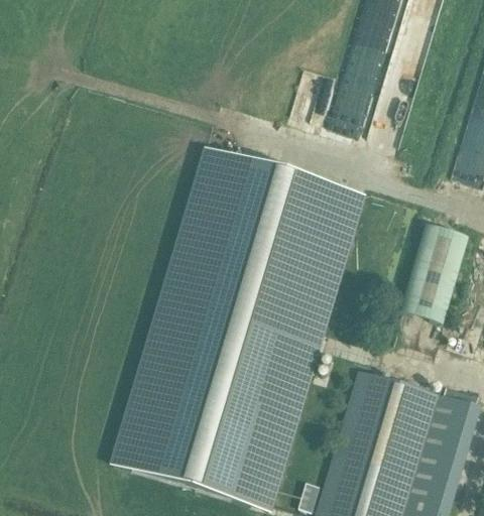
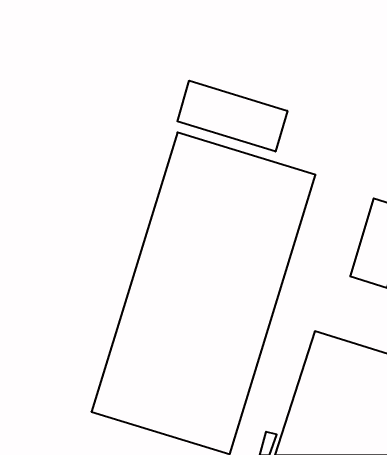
building: none -> [177,81,287,152]

